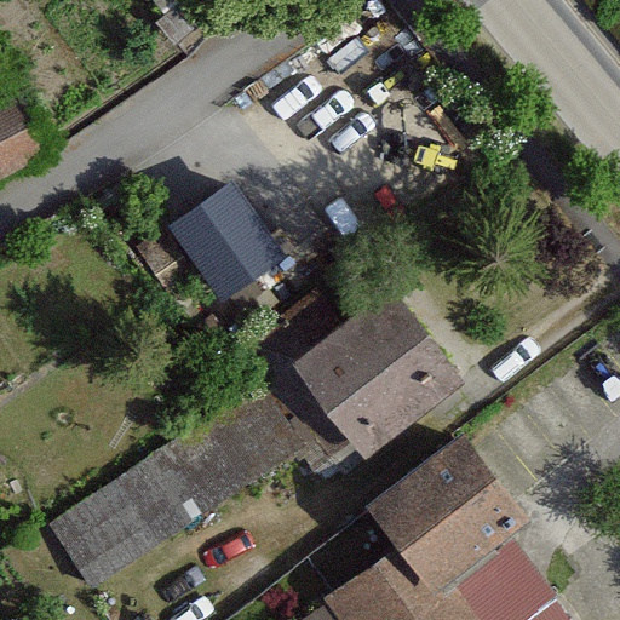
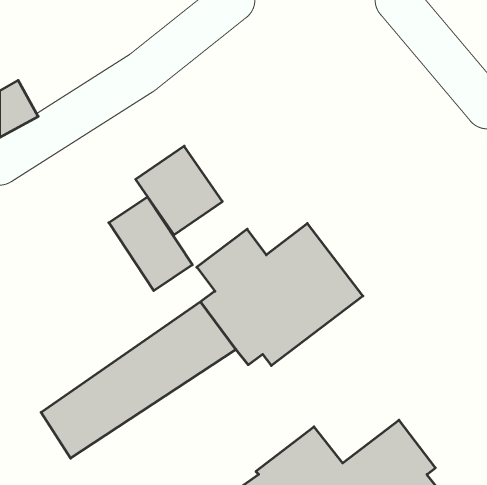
building: none -> [109,197,192,291]
building: [368,432,529,591] -> none

